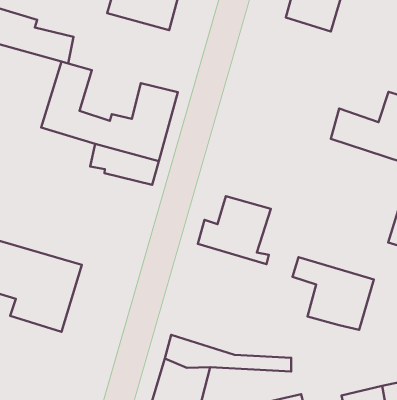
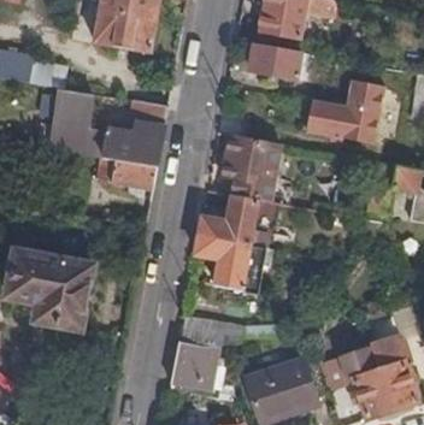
building: none -> [249,43,300,76]
building: none -> [219,134,281,200]
building: [292,257,374,330] -> [195,235,267,294]

